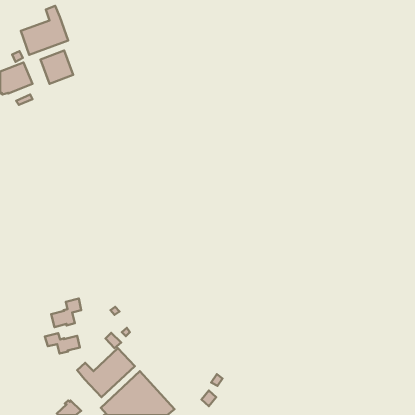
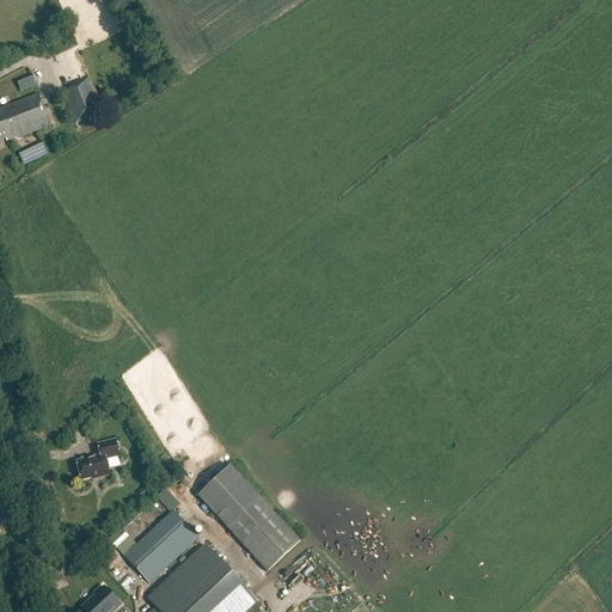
building: [21,6,68,55] -> none
building: none -> [198,466,299,571]
building: [45,333,80,353] -> none

